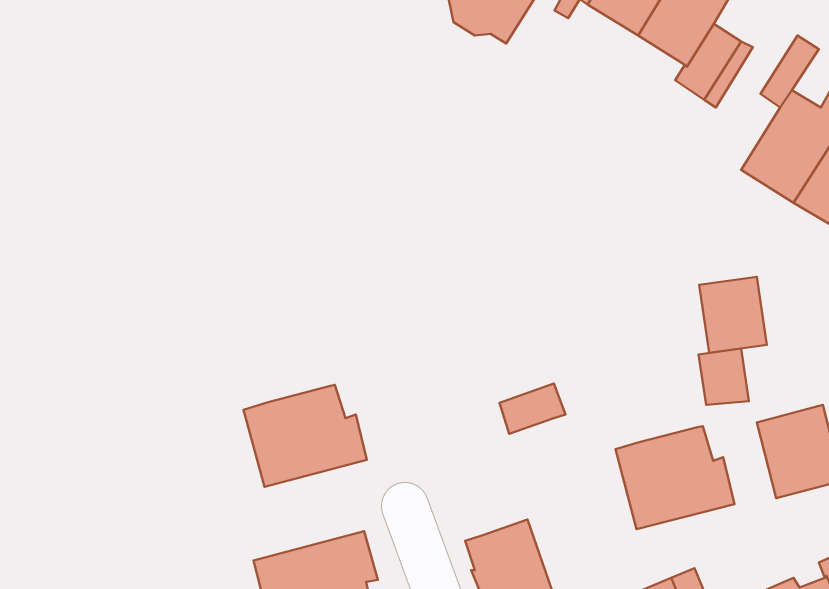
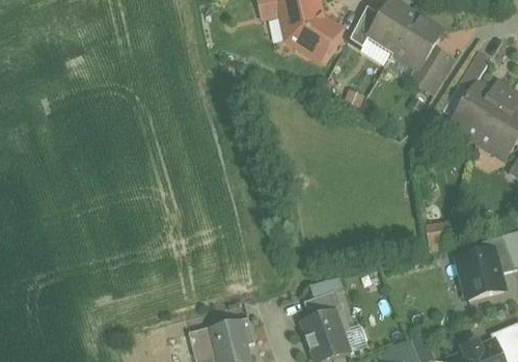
building: [699,277,767,353] -> none
building: [500,383,566,434] -> [305,291,340,318]
building: [244,385,367,487] -> none
building: [616,426,734,529] -> none

